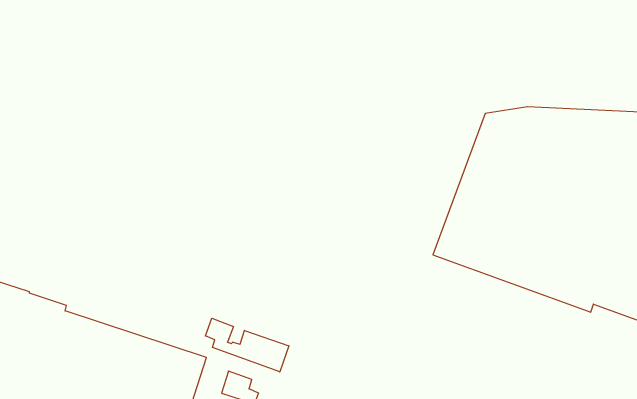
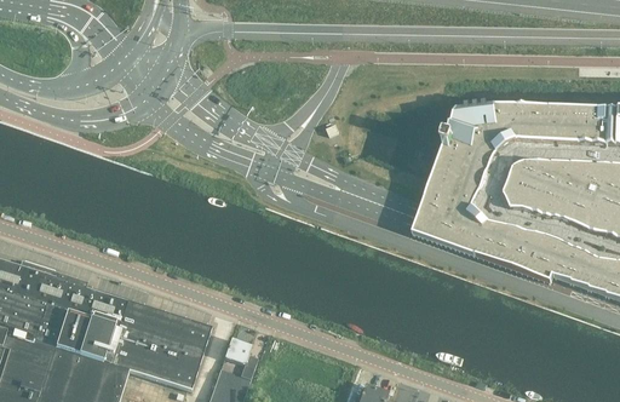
building: [205,318,289,372] -> none

